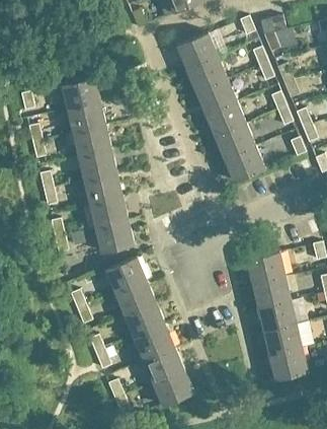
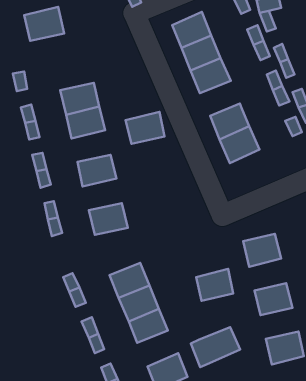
building: [61,76,100,110] -> [24,7,64,41]
building: [205,100,244,135] -> none
building: [78,149,116,181] -> [125,112,165,144]
building: [89,197,128,228] -> none
building: [105,257,146,292] -> none
building: [253,276,290,307] -> [196,269,233,301]
building: [264,325,302,355] -> none
building: [135,347,183,386] -> [191,327,240,367]

